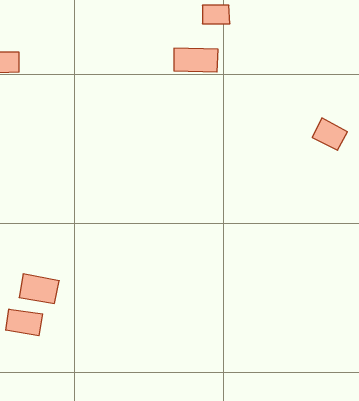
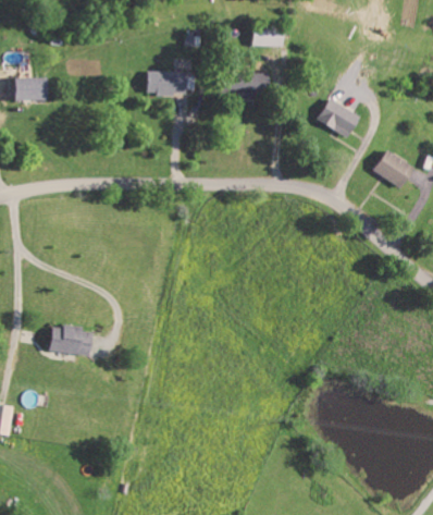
building: none -> [147,71,186,95]
building: none -> [317,99,359,136]
building: [6,309,43,336] -> none

